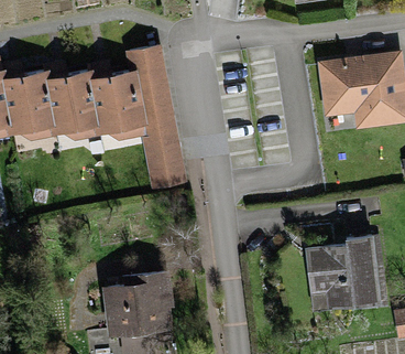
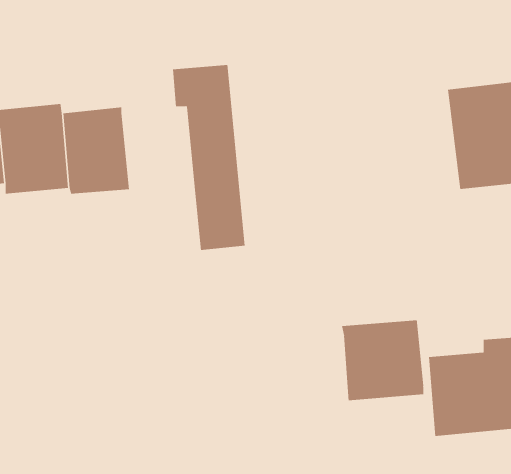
building: [90,78,141,139] -> none
building: none -> [342,319,424,401]
building: [101,264,178,332] -> none

